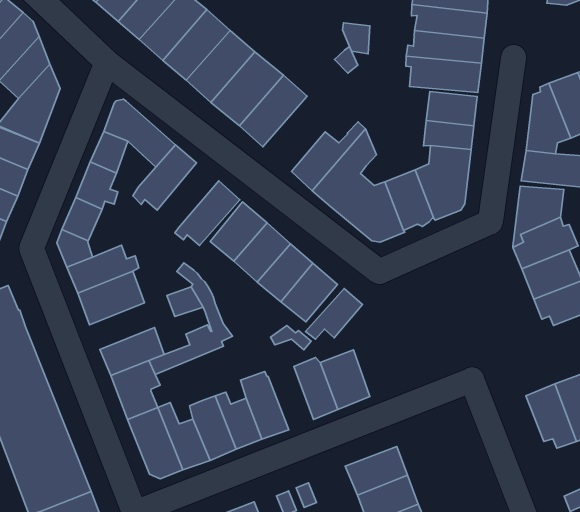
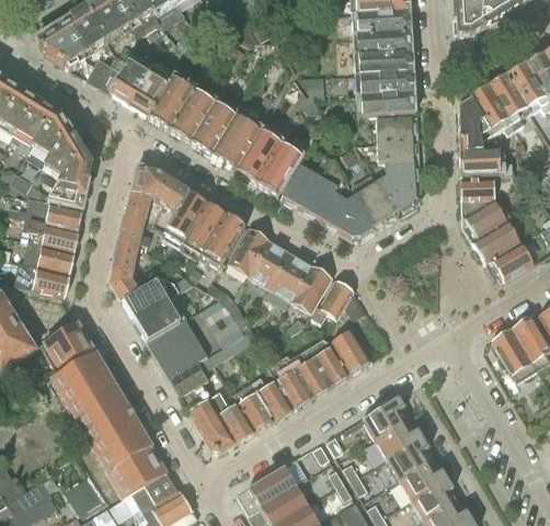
building: none -> [256,137,303,194]
building: none -> [181,203,227,255]
building: none -> [146,318,196,359]
building: none -> [290,347,331,397]

